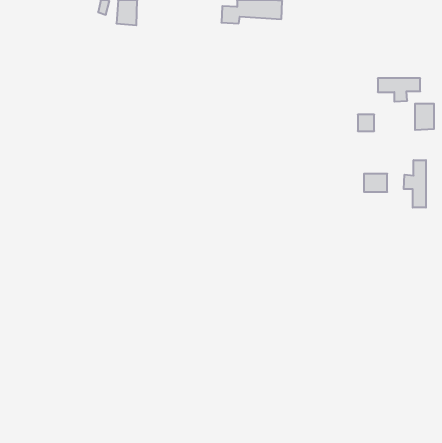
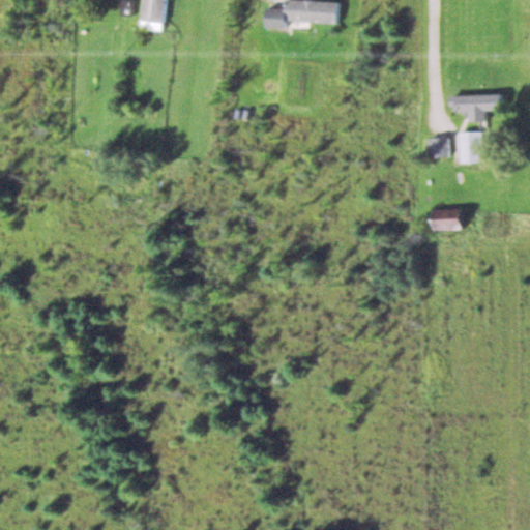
building: [415,104,434,130] -> [459,131,481,163]
building: [404,160,426,208] -> none

